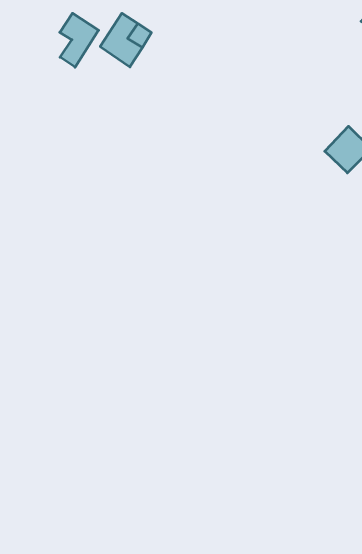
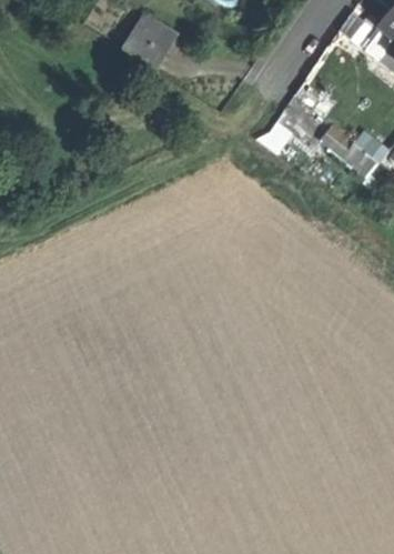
building: [60,13,99,67] -> none

